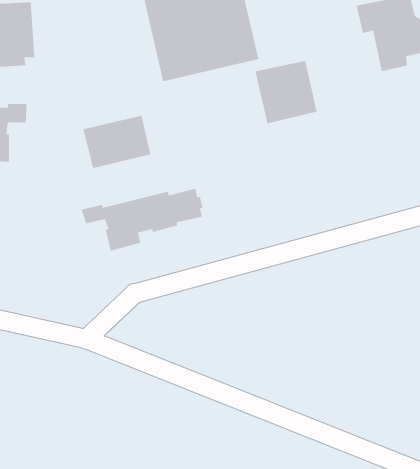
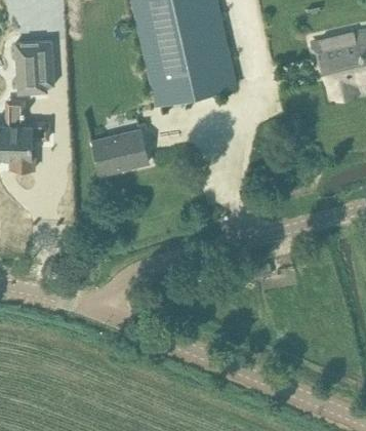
building: [255,60,317,124] -> none
building: [81,188,203,251] -> none

